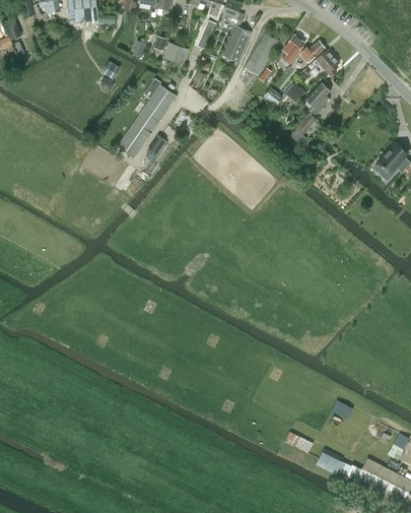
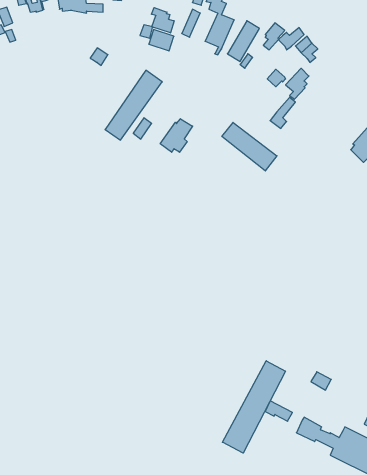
building: none -> [151,8,174,33]
building: none -> [160,119,193,152]
building: none -> [222,122,277,171]
building: none -> [222,361,285,453]

